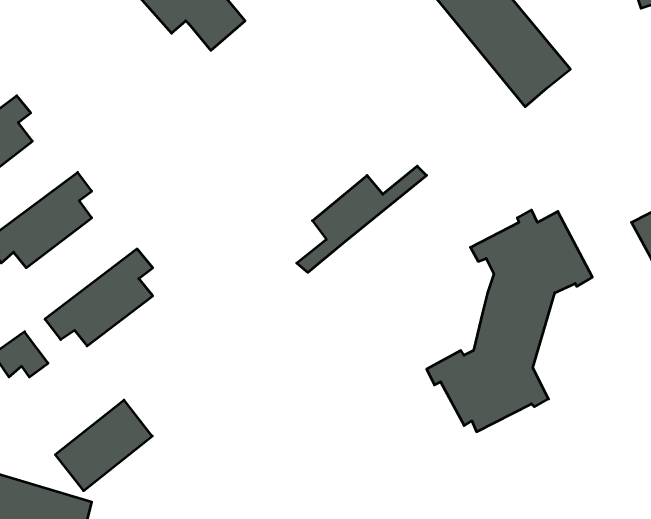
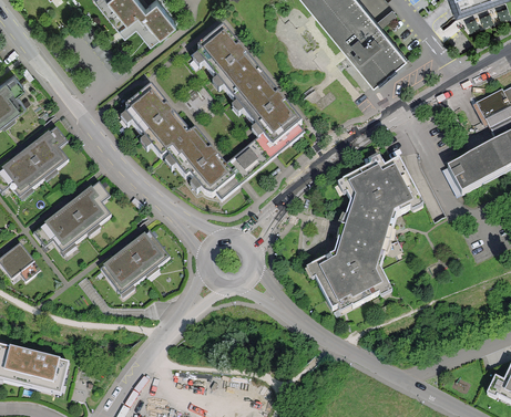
building: none -> [195,24,300,144]
building: none -> [122,84,232,192]
building: [55,400,152,491] -> [98,229,166,293]

